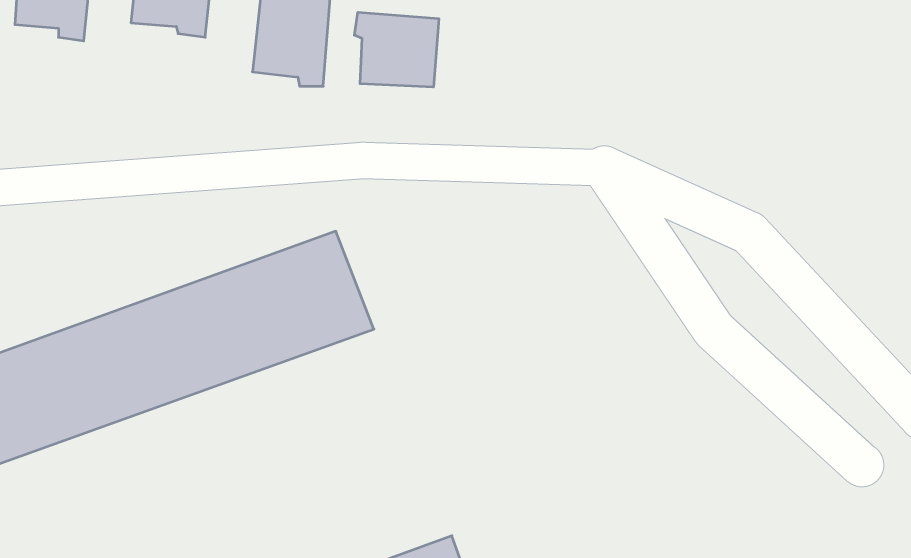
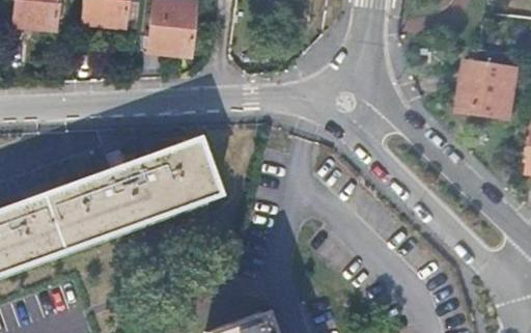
building: [354,12,439,87] -> none
building: none -> [465,60,516,119]

